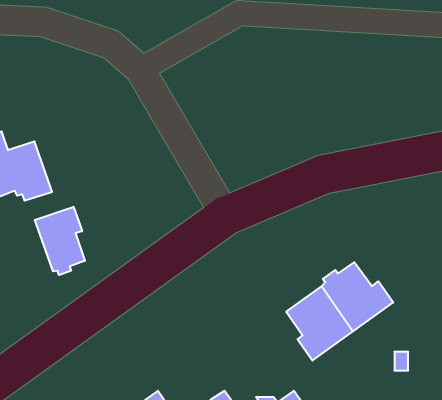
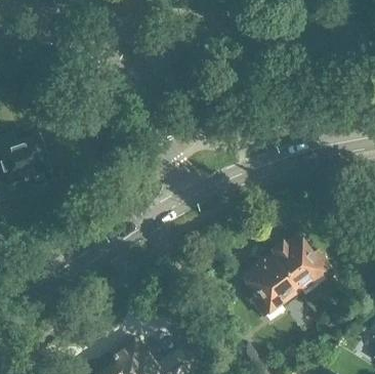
building: [35,207,85,275] -> none

